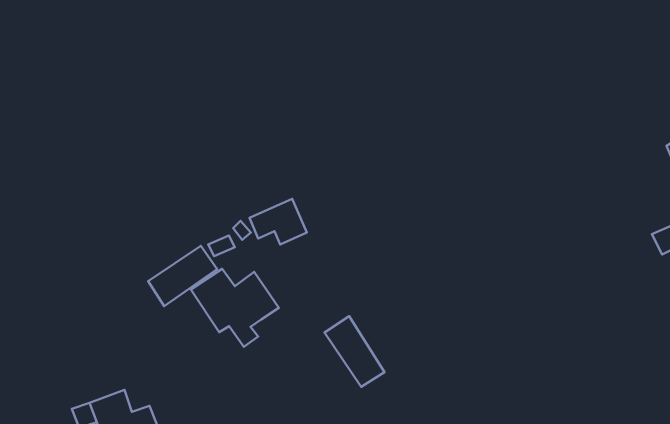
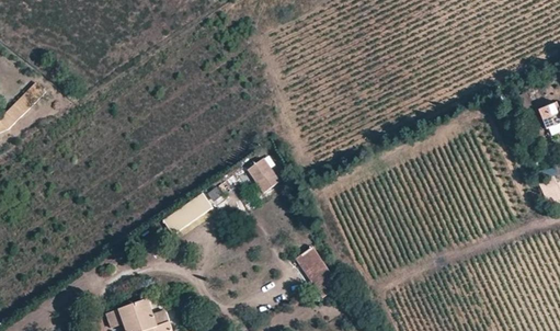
building: [191,269,279,347] -> none

